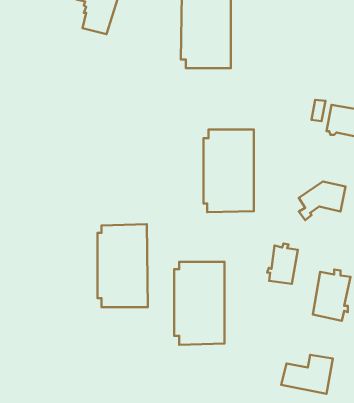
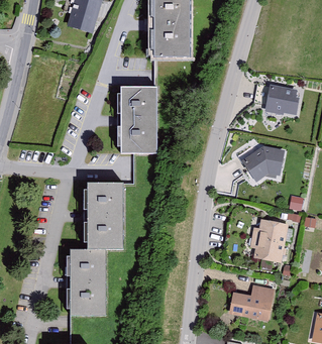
building: [204,129,254,212] -> [117,88,157,154]
building: [267,244,298,284] -> none
building: [174,262,225,345] -> [66,249,106,316]

